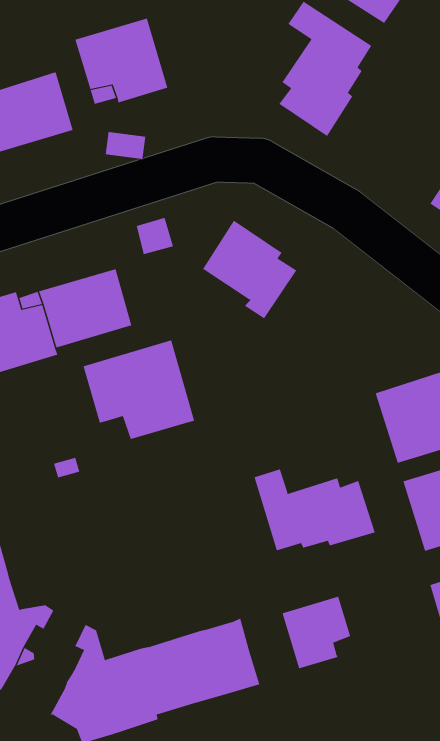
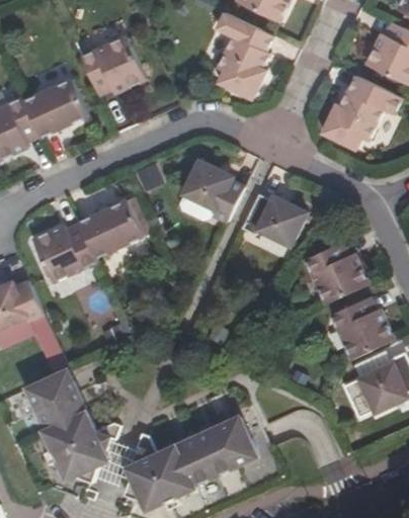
building: none -> [241,193,307,246]
building: [83,340,195,440] -> none
building: [254,468,376,551] -> none
building: [282,596,351,669] -> none

